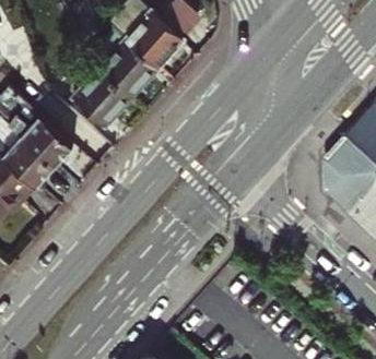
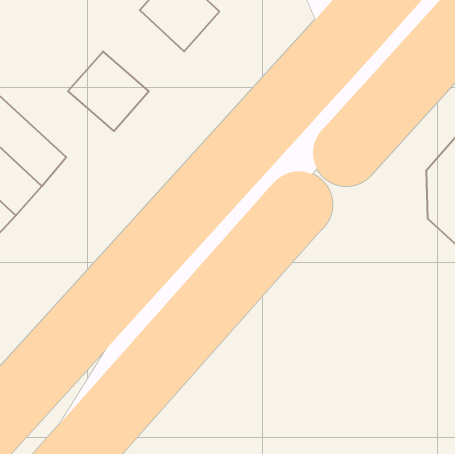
building: [98,39,156,97] -> none

